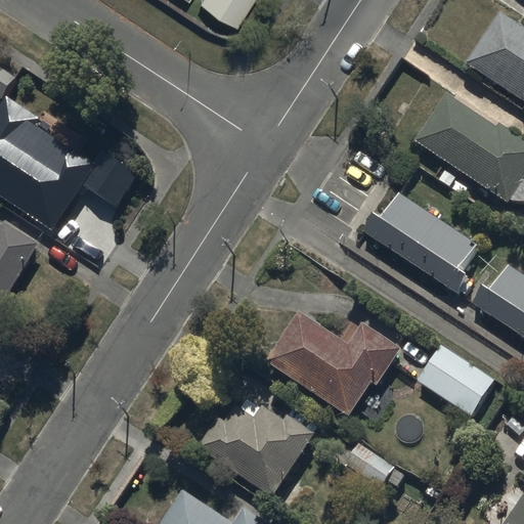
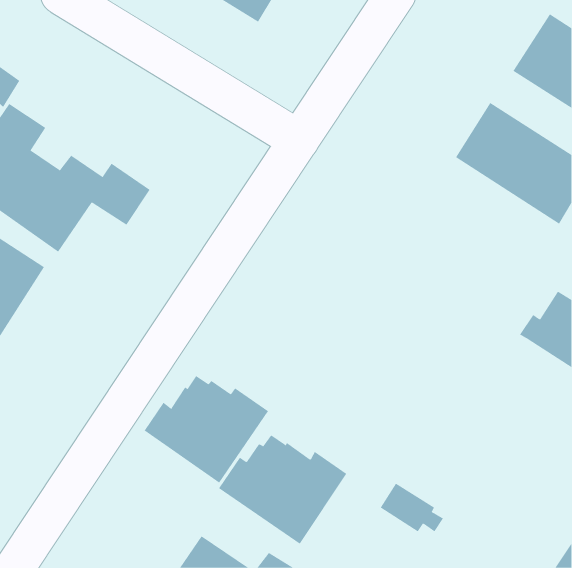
building: [363,194,479,296] -> none
building: [265,309,402,414] -> none
building: [417,342,494,413] -> none
building: none -> [144,375,269,483]

